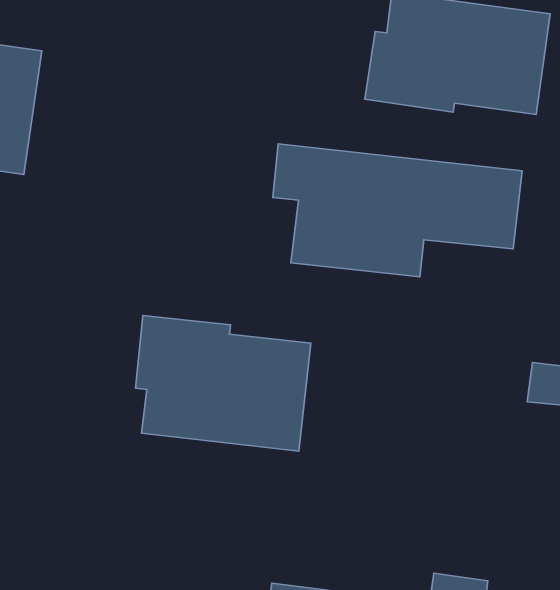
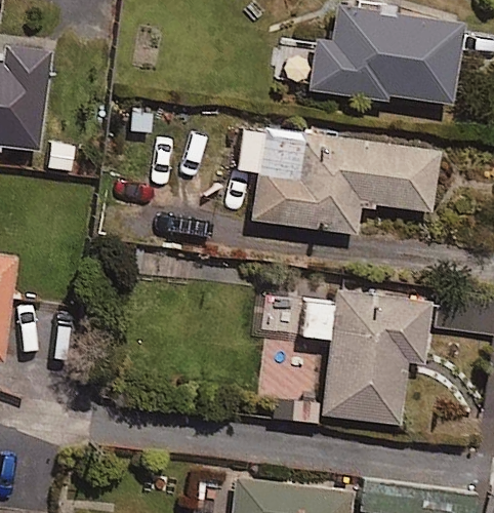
building: [135,315,311,451] -> none
building: none -> [303,292,429,426]

